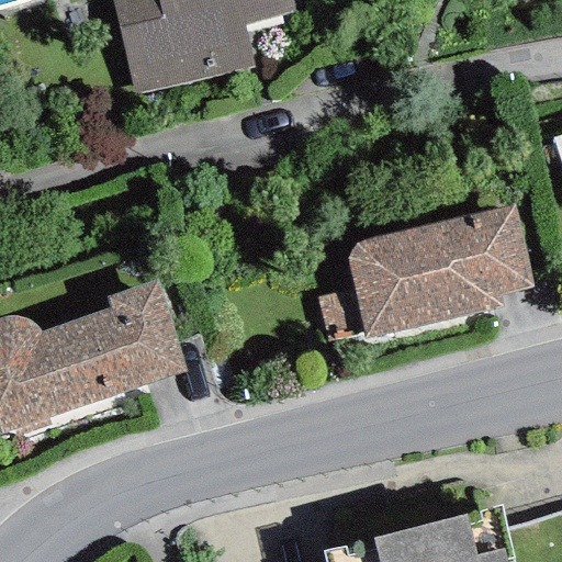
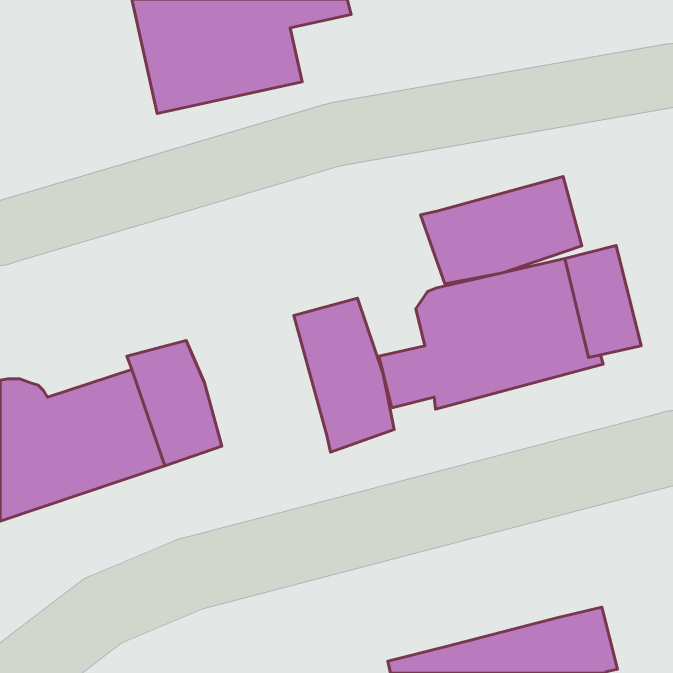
building: none -> [420,177,582,284]
building: none -> [294,298,394,452]

